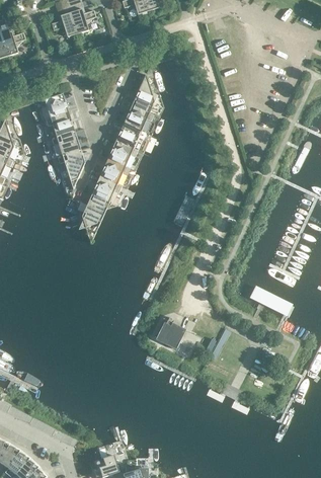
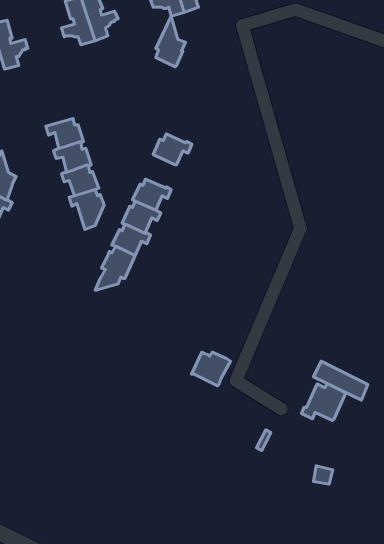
building: [133,74,156,113] -> [156,16,186,67]
building: [114,124,145,149] -> none
building: none -> [302,383,346,421]
building: [155,322,185,348] -> [192,352,230,386]

